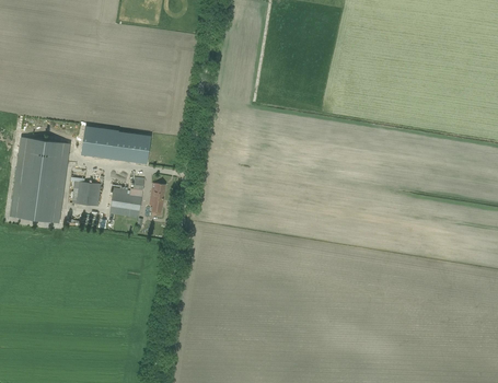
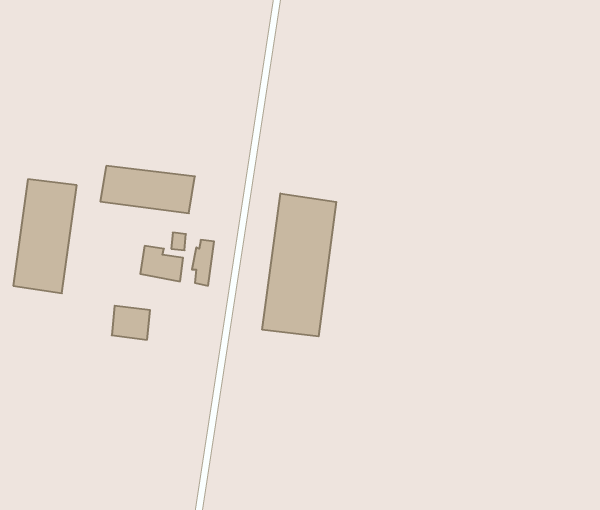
building: none -> [262,193,336,336]
building: [72,181,101,206] -> [112,306,150,340]

